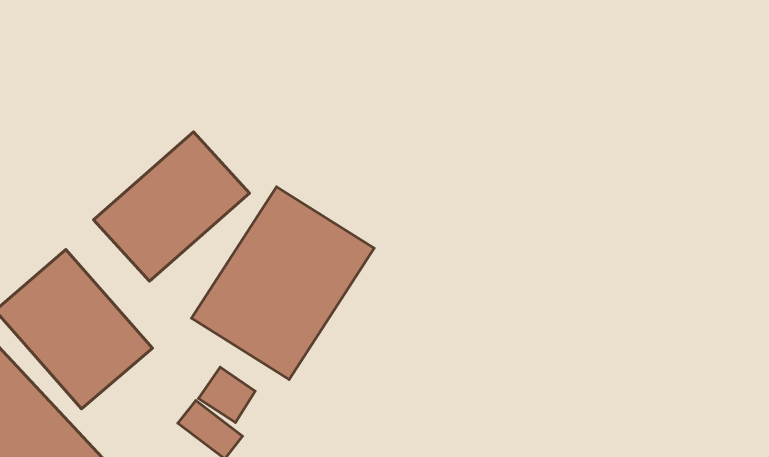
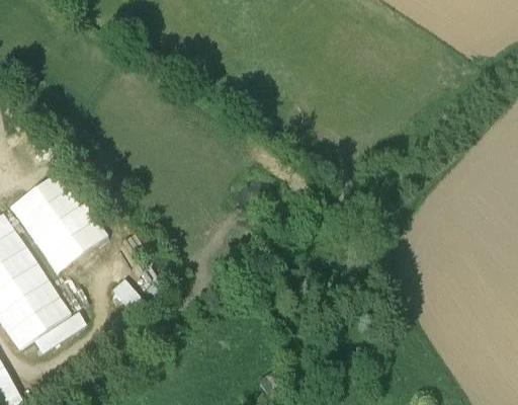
building: [94,132,249,281] -> none
building: [192,187,374,379] -> none

